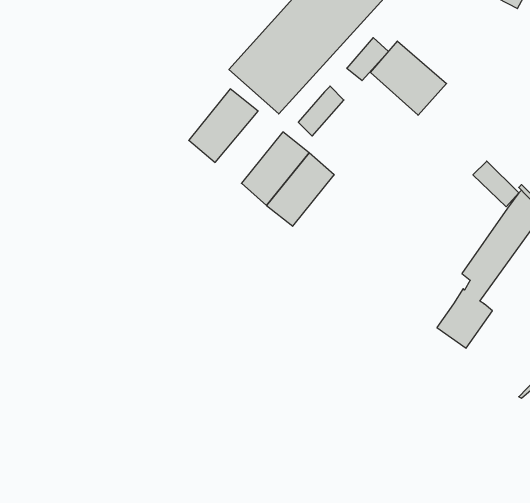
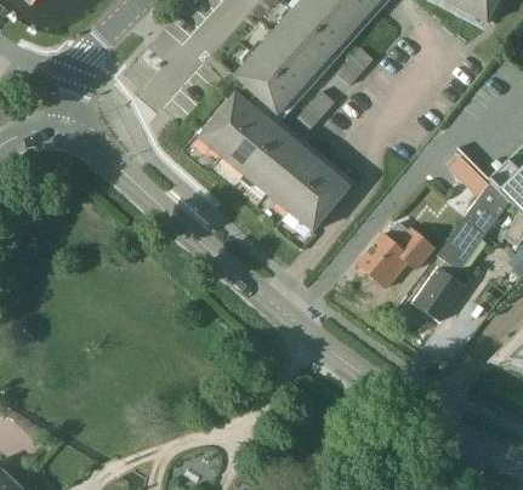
building: [370,41,447,115] -> none
building: none -> [222,112,282,175]
building: none -> [290,167,349,232]
building: none -> [358,221,436,287]

